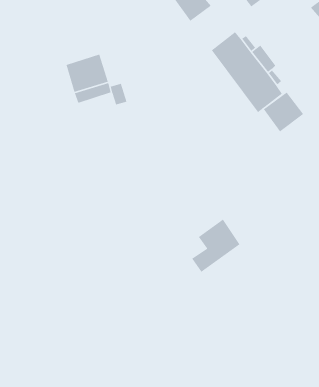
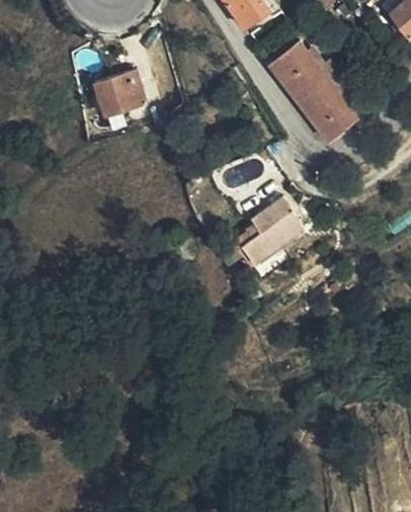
building: [263,92,304,133] -> none
building: [191,218,241,273] -> [243,196,303,262]

